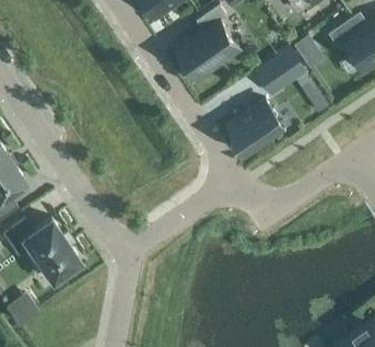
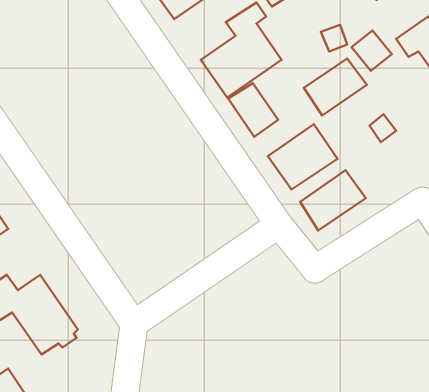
building: none -> [228,83,278,137]
building: none -> [300,170,366,231]

